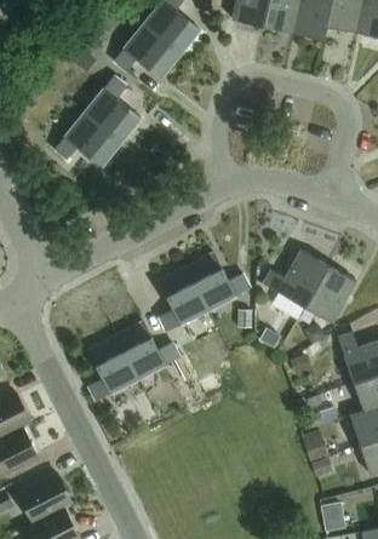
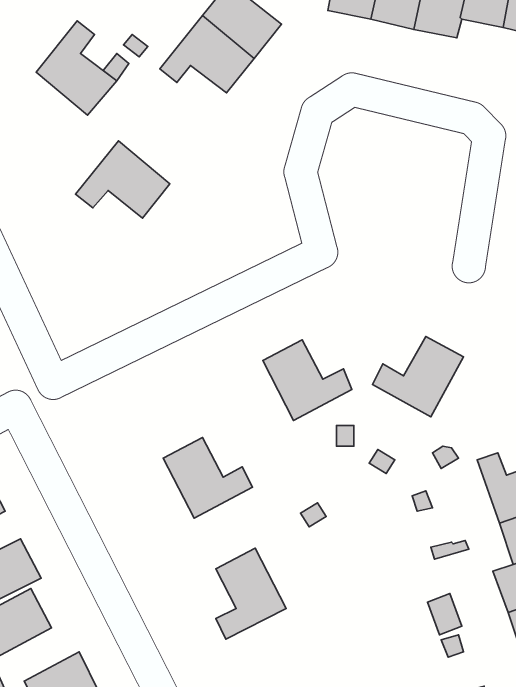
building: [85,75,142,142] -> [36,21,117,115]
building: [305,264,355,322] -> none
building: [159,266,208,331] -> none
building: [88,336,138,400] -> [216,548,286,639]

